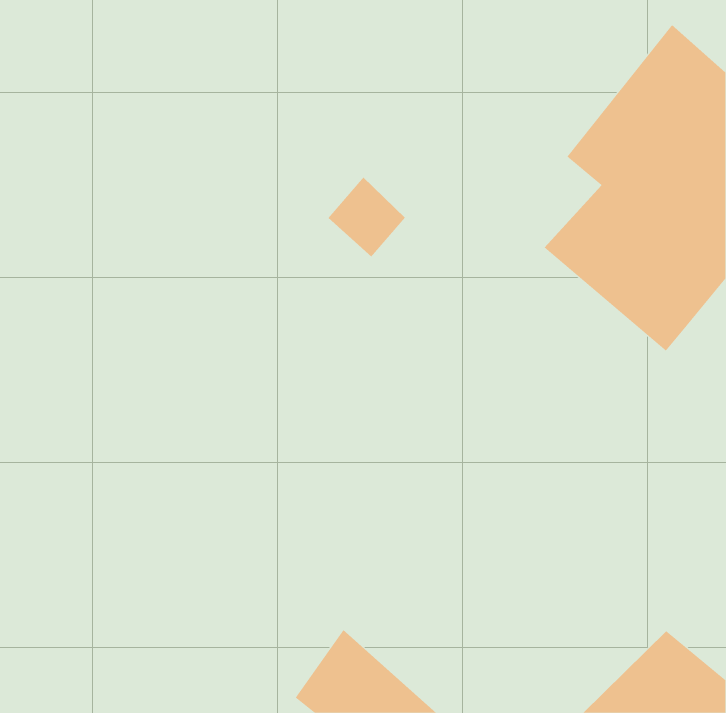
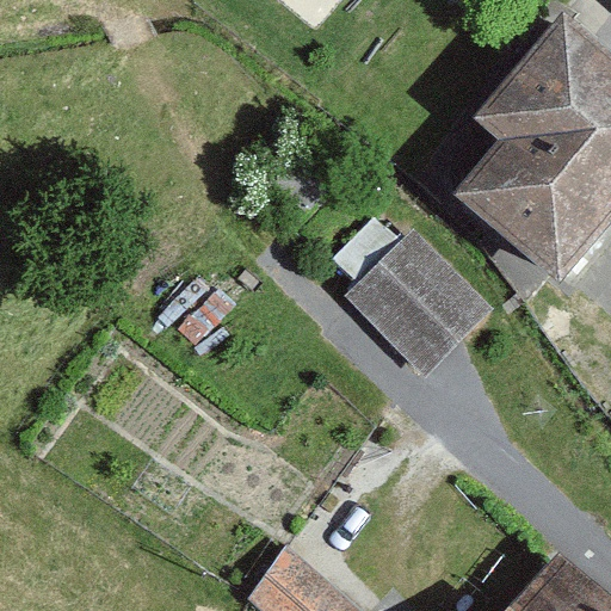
building: none -> [351,228,493,379]

